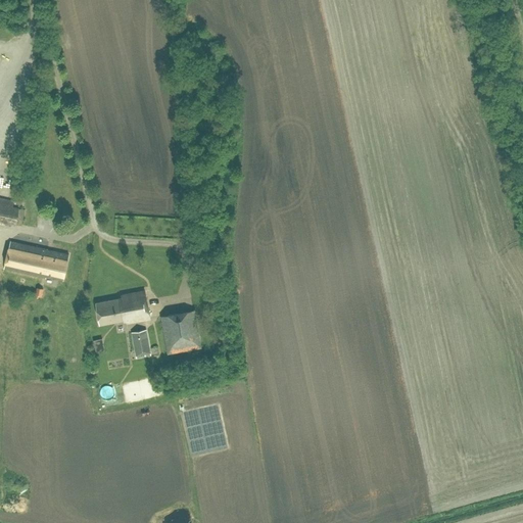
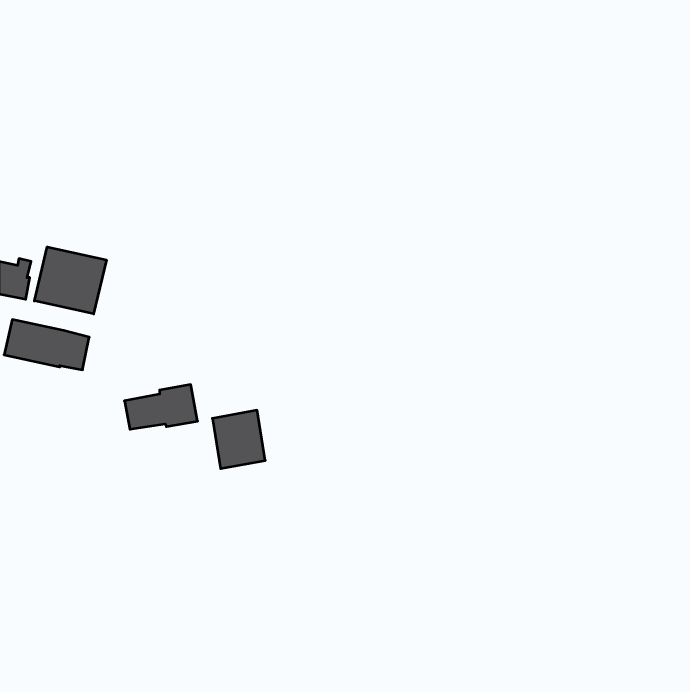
building: none -> [34,247,106,314]
building: [131,330,149,358] -> none

